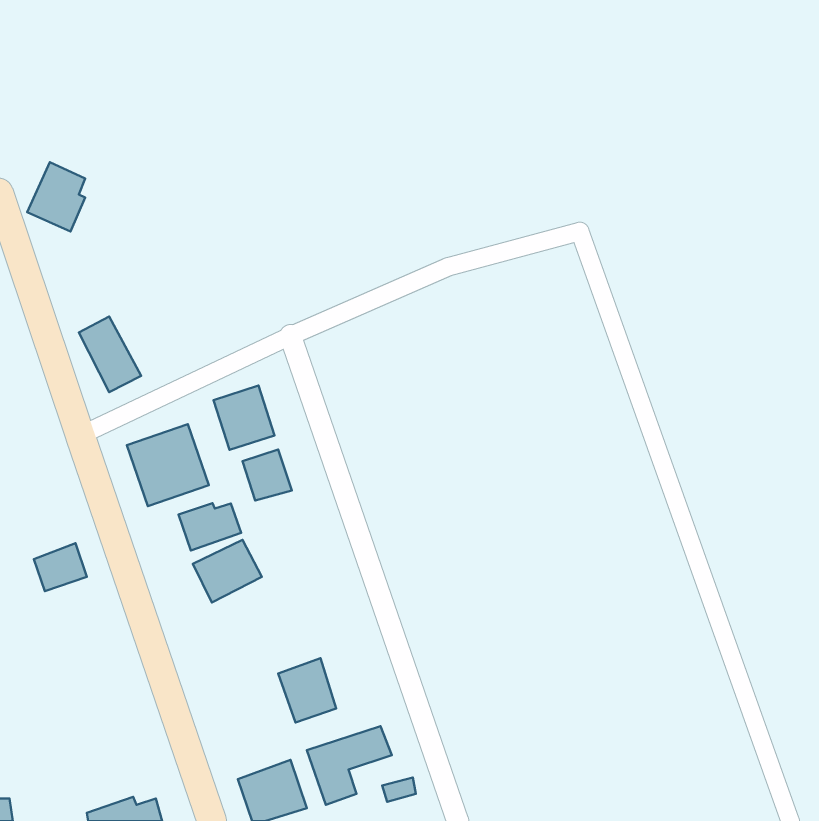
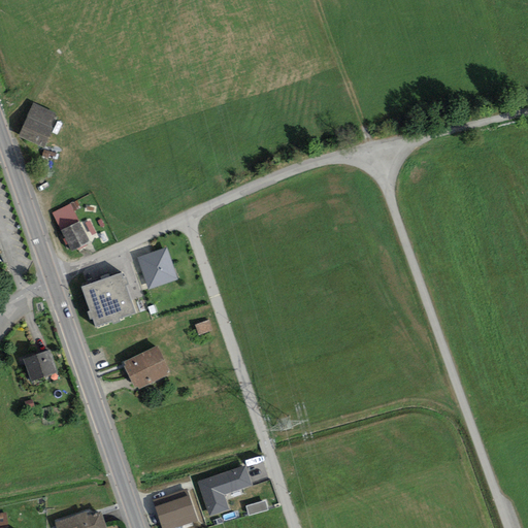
building: [242,450,292,501] -> none
building: [179,503,241,550] -> none
building: [278,658,336,723] -> none

